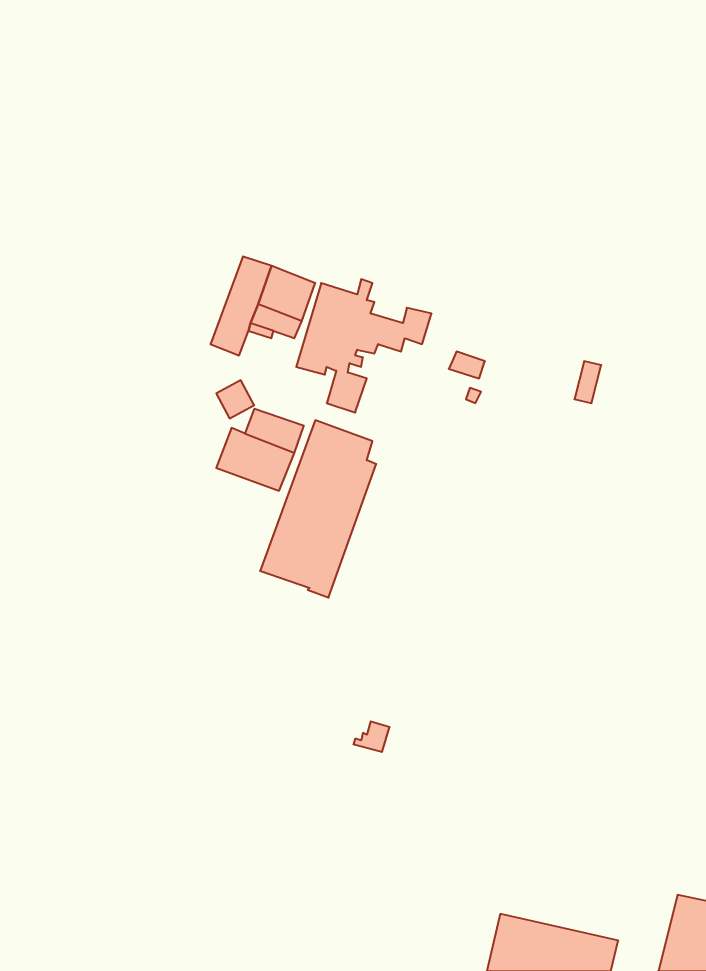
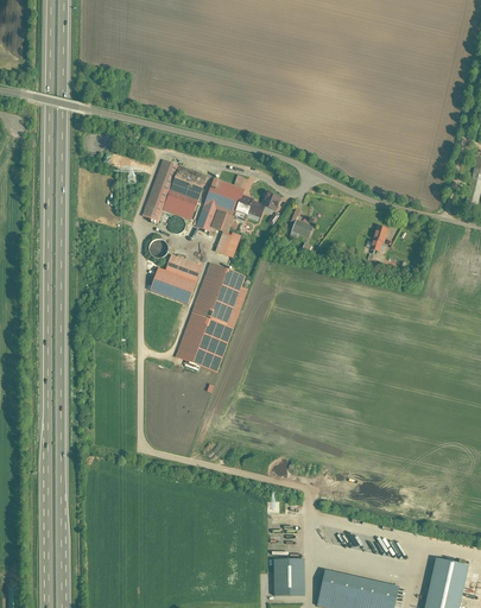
building: none -> [272,559,304,596]

